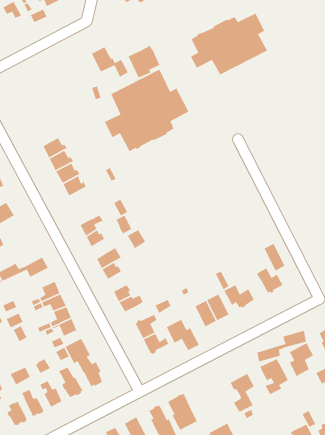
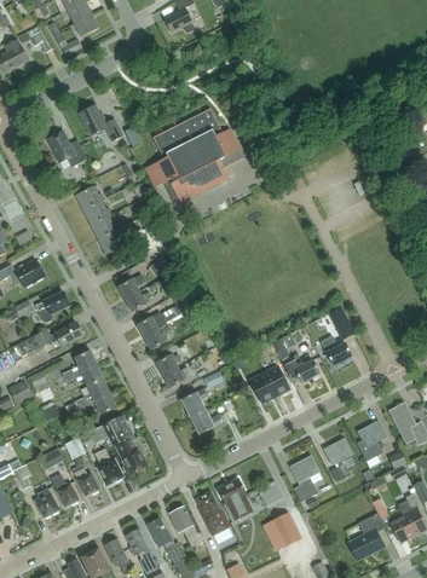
building: [190,12,268,75] -> none
building: [128,45,160,79] -> none
building: [91,46,129,78] -> [79,105,122,141]
building: none -> [46,131,87,167]
building: none -> [35,291,69,324]
building: [166,319,200,351] -> none
building: [257,330,307,363] -> none

